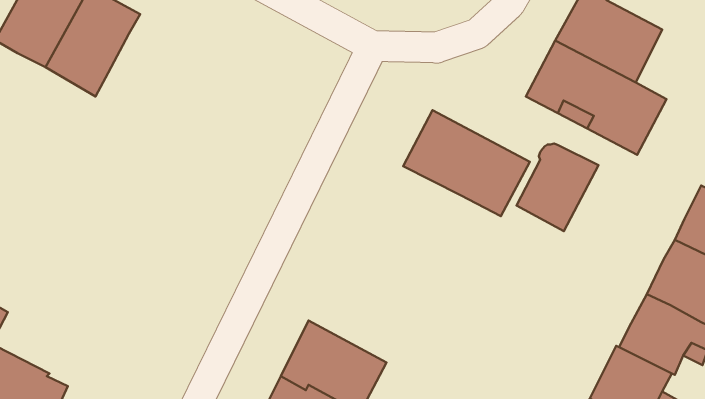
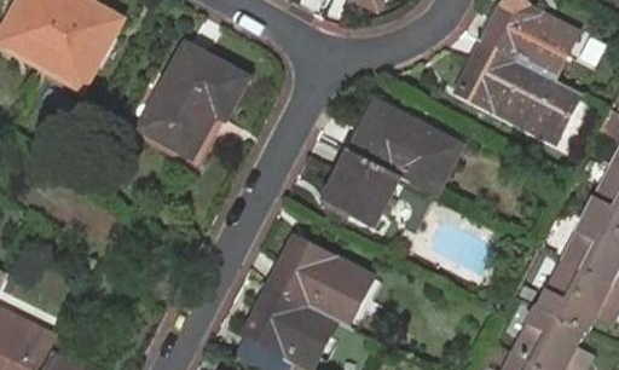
building: none -> [140,44,247,156]
building: [516,144,598,231] -> none
building: none -> [326,150,400,224]
building: none -> [268,238,374,325]

